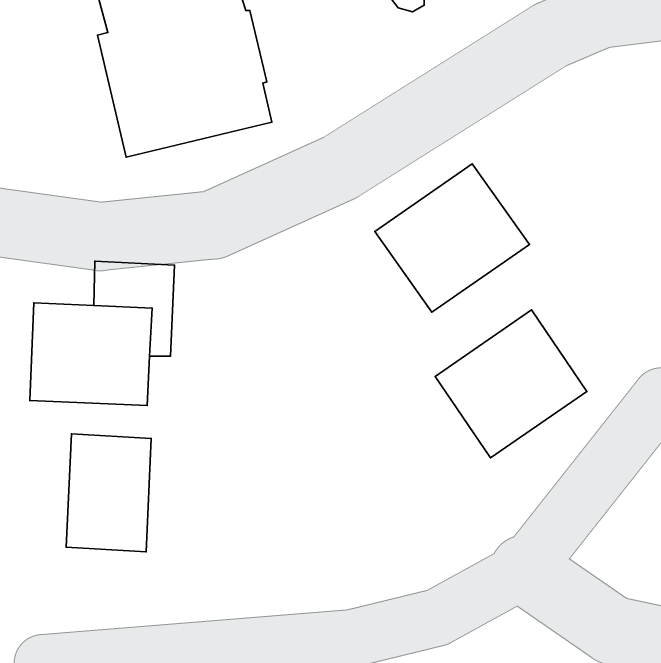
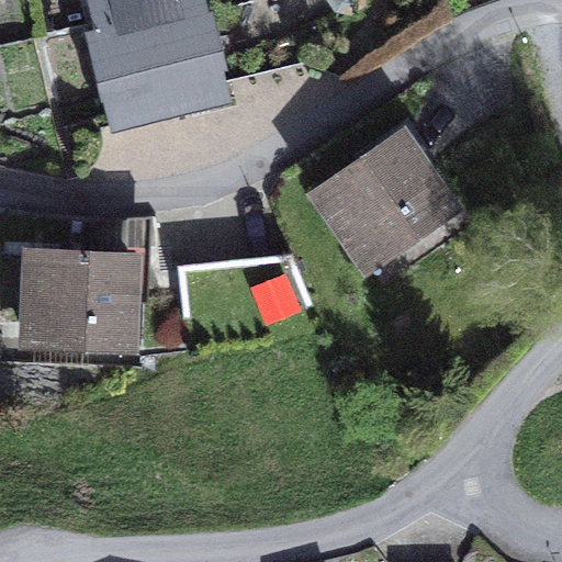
building: [435,310,587,458] -> none
building: [66,434,151,552] -> none

